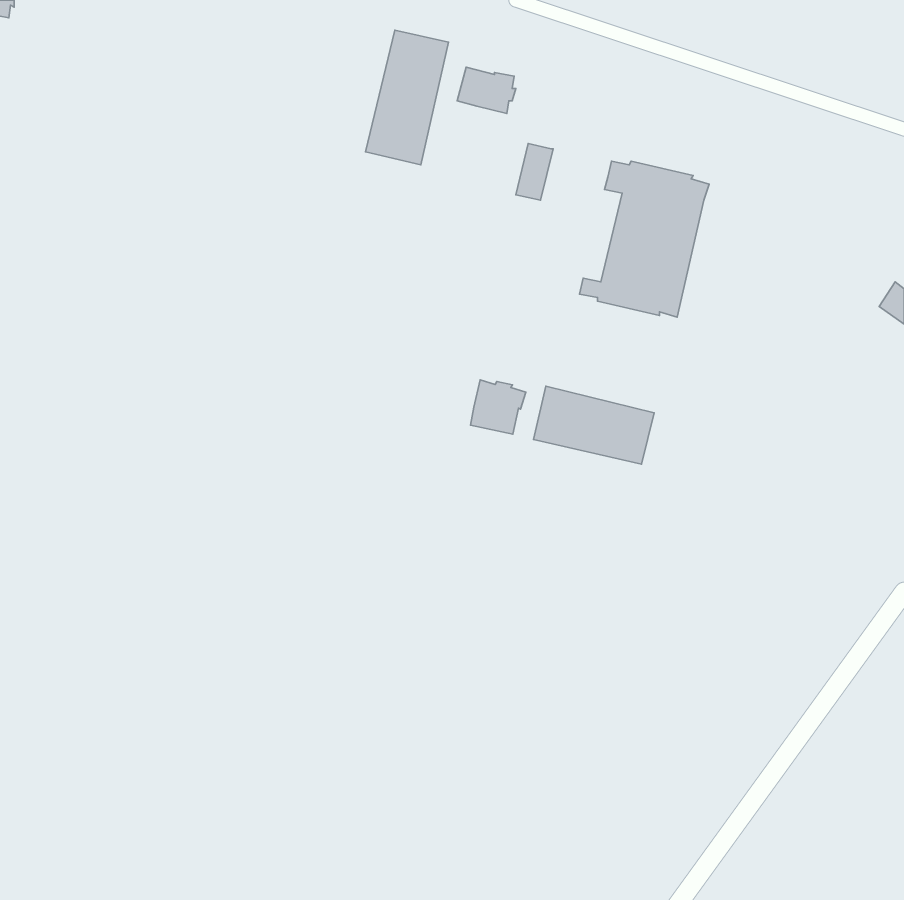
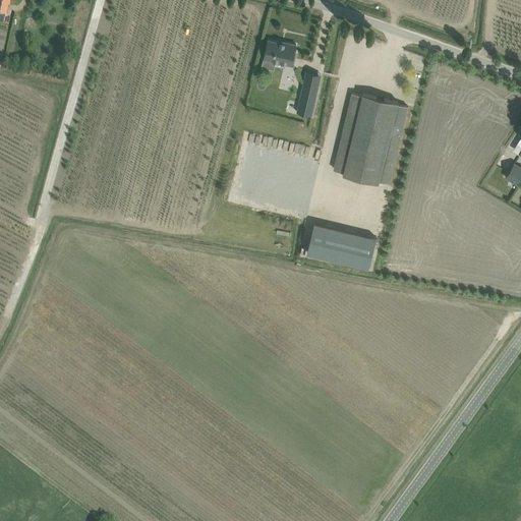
building: [366,30,448,165] -> none
building: [470,380,526,434] -> none

